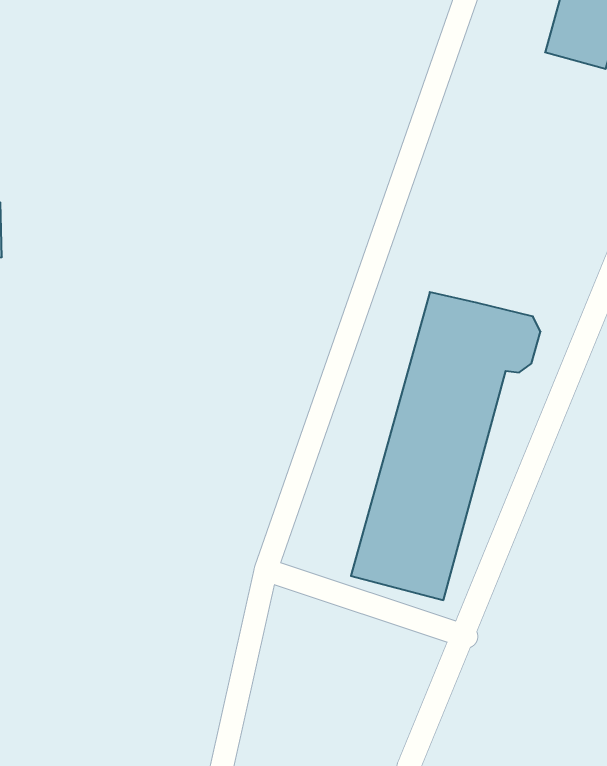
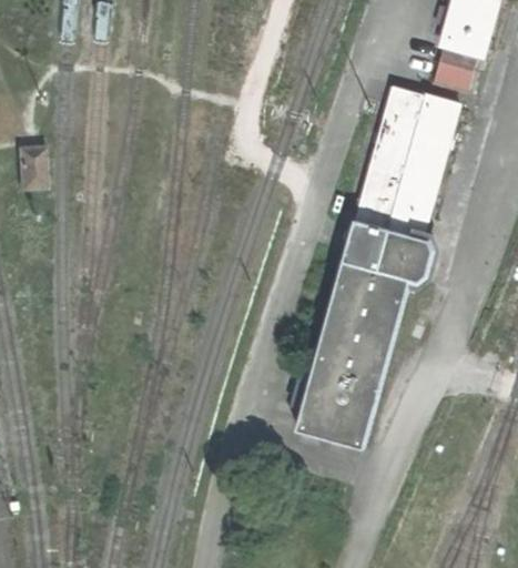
building: none -> [431,50,475,91]
building: none -> [354,85,459,230]

